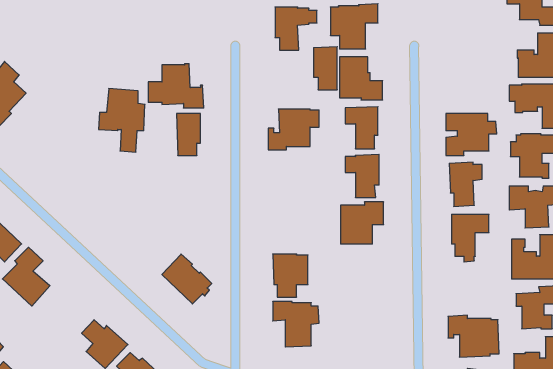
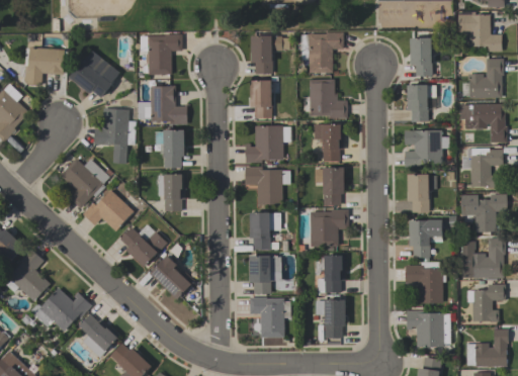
building: none -> [140,33,181,74]
building: none -> [410,36,432,76]
building: none -> [19,46,68,85]
building: none -> [69,51,119,97]
building: [314,47,337,90] -> [250,79,271,117]
building: none -> [406,84,435,121]
building: none -> [61,158,109,208]
building: none -> [244,166,289,204]
building: none -> [157,174,184,210]
building: none -> [82,189,134,231]
building: none -> [249,211,280,249]
building: none -> [119,226,167,267]
building: none -> [317,255,345,292]
building: none -> [405,262,445,302]
building: none -> [29,288,91,331]
building: none -> [315,299,345,338]

